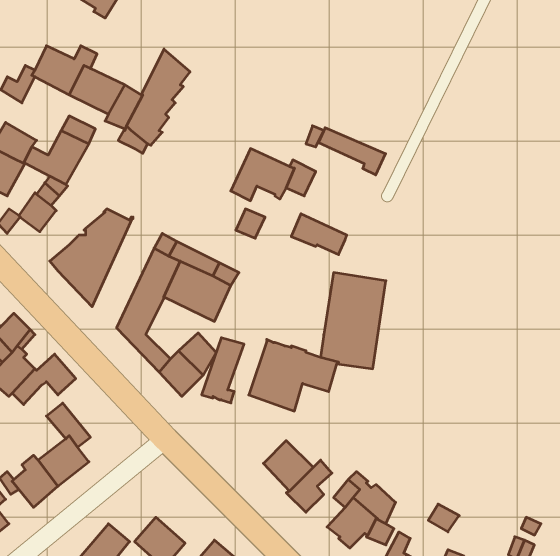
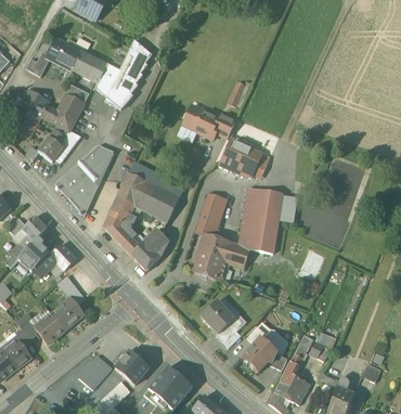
building: [319,128,386,175] -> [225,140,270,171]
building: [202,338,244,403] -> [195,194,223,237]

